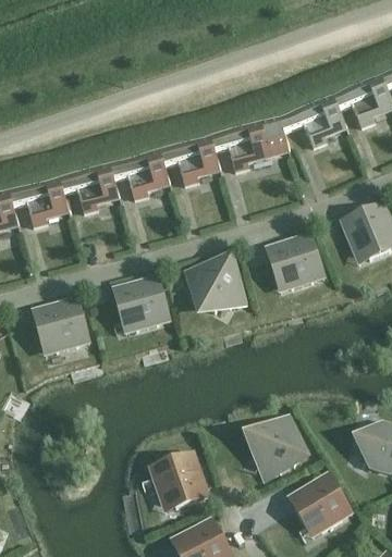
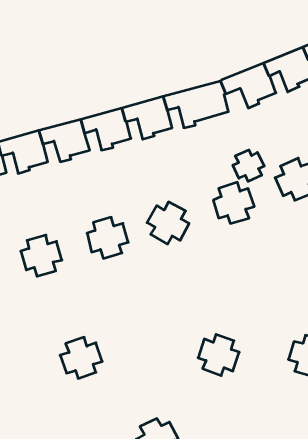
building: none -> [233,150,264,181]
building: [154,458,205,508] -> [60,337,102,378]
building: [294,481,345,532] -> none

